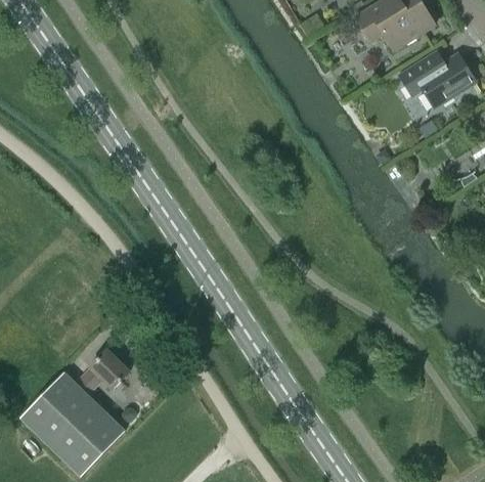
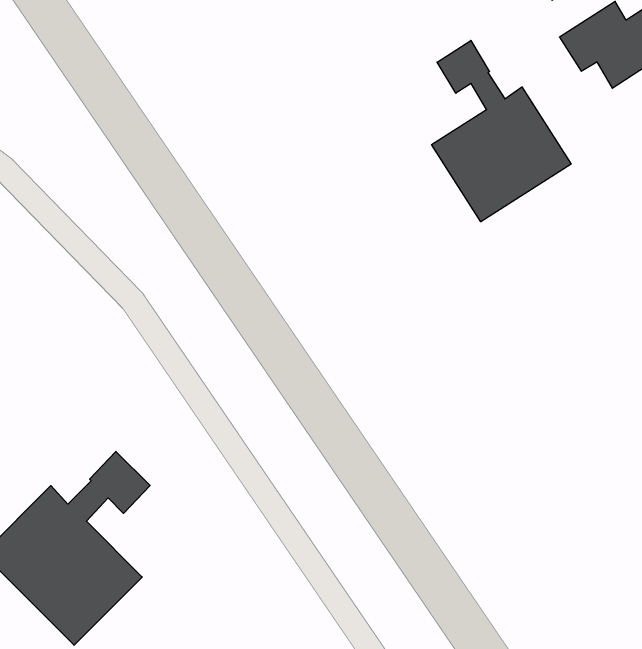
building: none -> [432,40,571,222]

